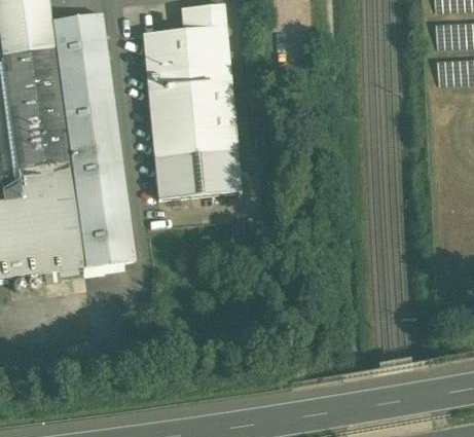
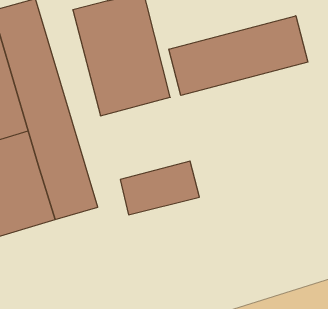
building: none -> [169,16,308,95]
building: [154,149,241,198] -> [120,161,199,215]

